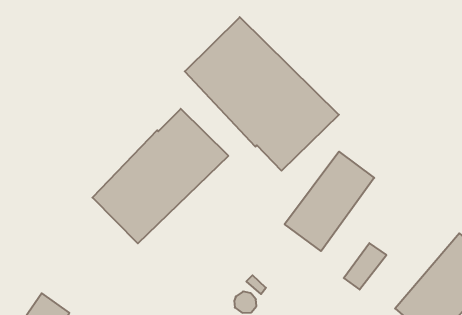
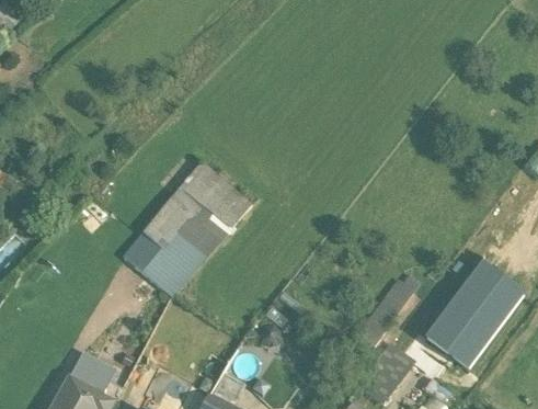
building: [185,17,339,171] -> none
building: [285,152,374,251] -> none

